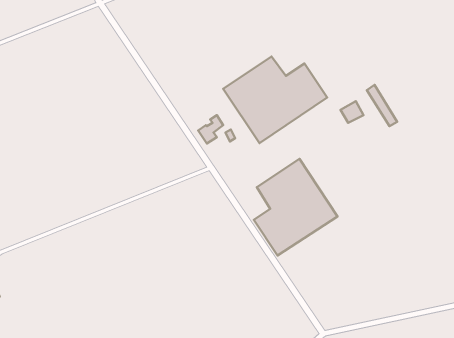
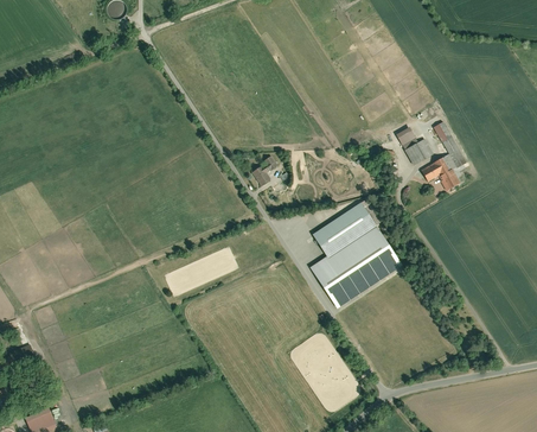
building: [223,57,327,143] -> none
building: none -> [420,157,458,191]

